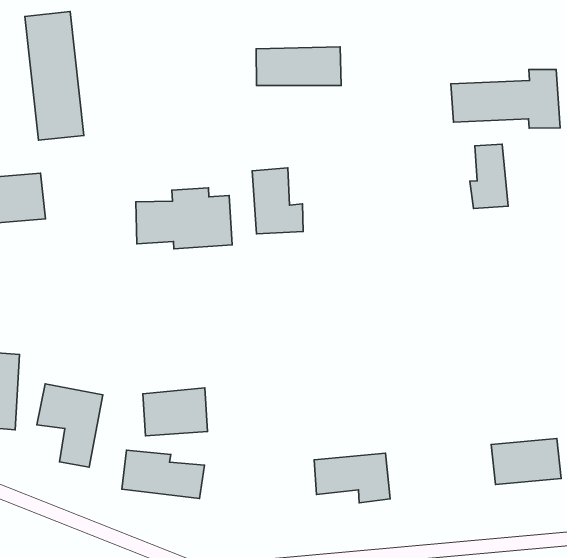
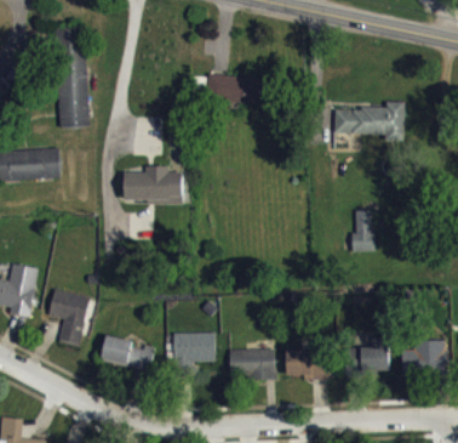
building: [470,144,508,208] -> [350,210,374,251]
building: [252,168,303,234] -> none
building: [143,388,208,436] -> [174,333,216,362]
building: none -> [284,348,330,379]

